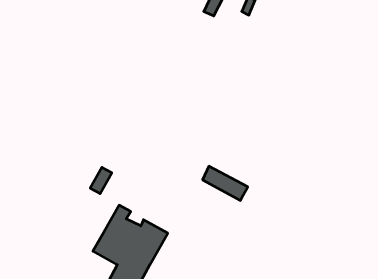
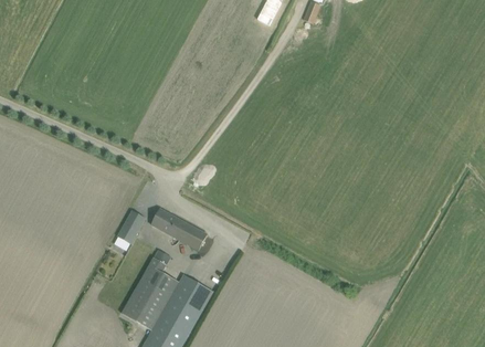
building: [203,166,248,200] -> [152,208,208,250]

